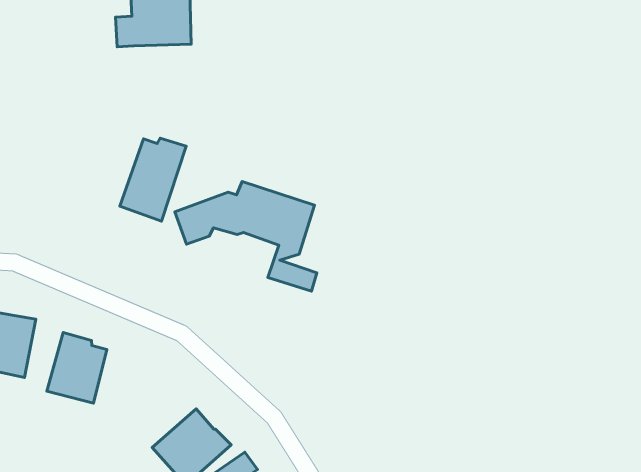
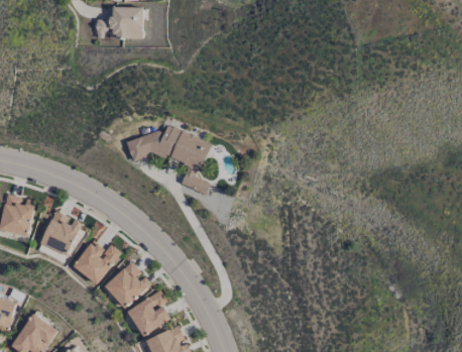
building: [120,138,186,221] -> none
building: none -> [72,240,121,284]

